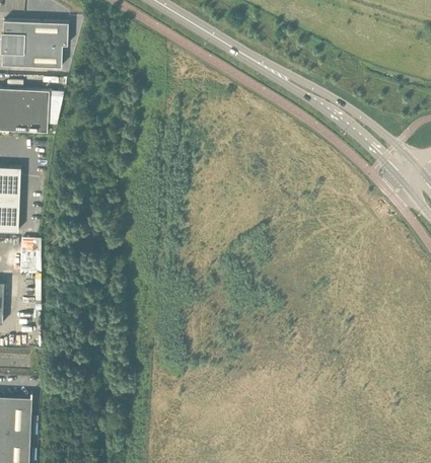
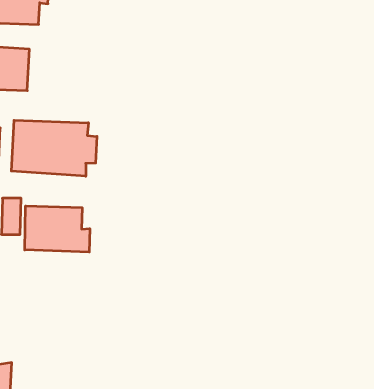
building: none -> [11,120,97,176]
building: none -> [25,206,90,252]

